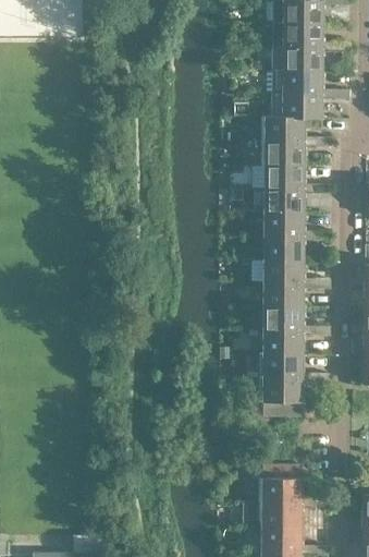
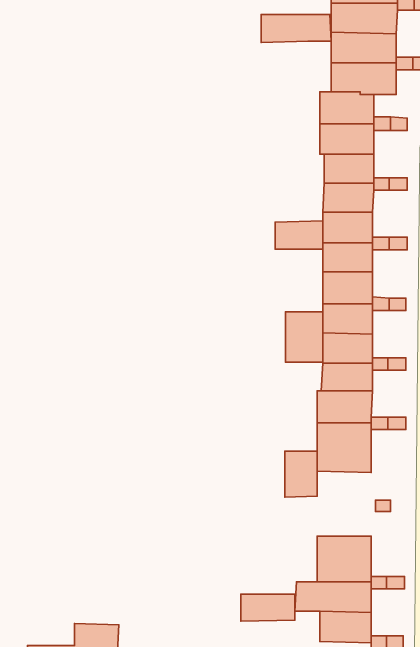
building: none -> [261,15,331,42]
building: none -> [275,221,323,249]
building: none -> [286,312,323,362]
building: none -> [285,451,317,497]
building: none -> [241,594,295,621]

